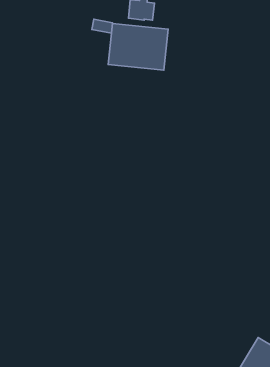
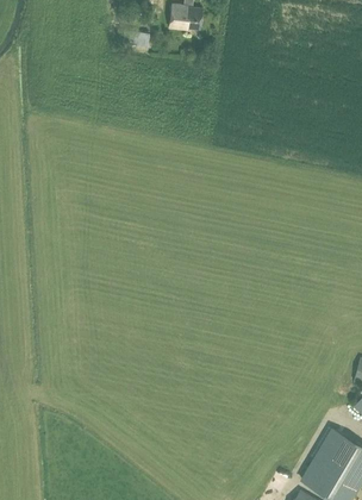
building: [108,24,168,70] -> none

